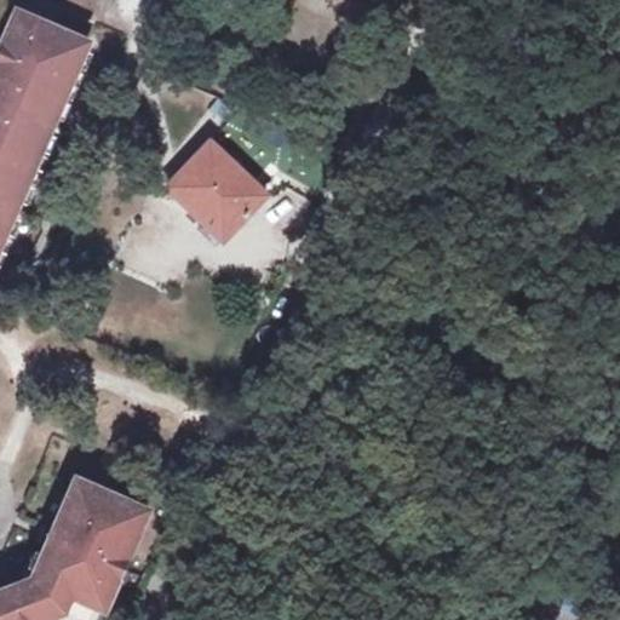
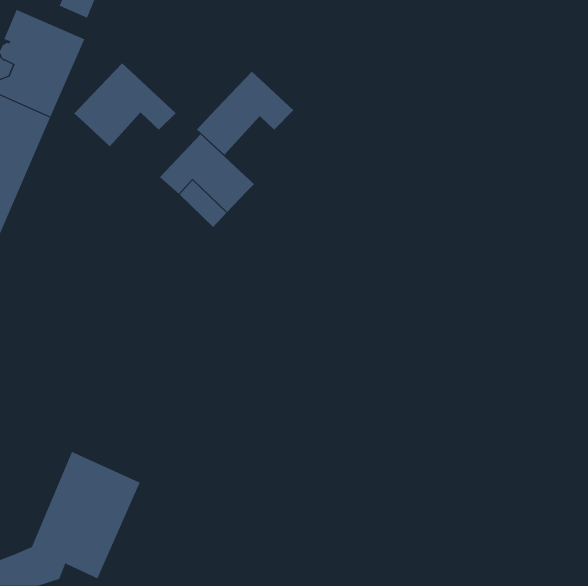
building: none -> [73,62,177,147]
building: none -> [196,71,294,156]

